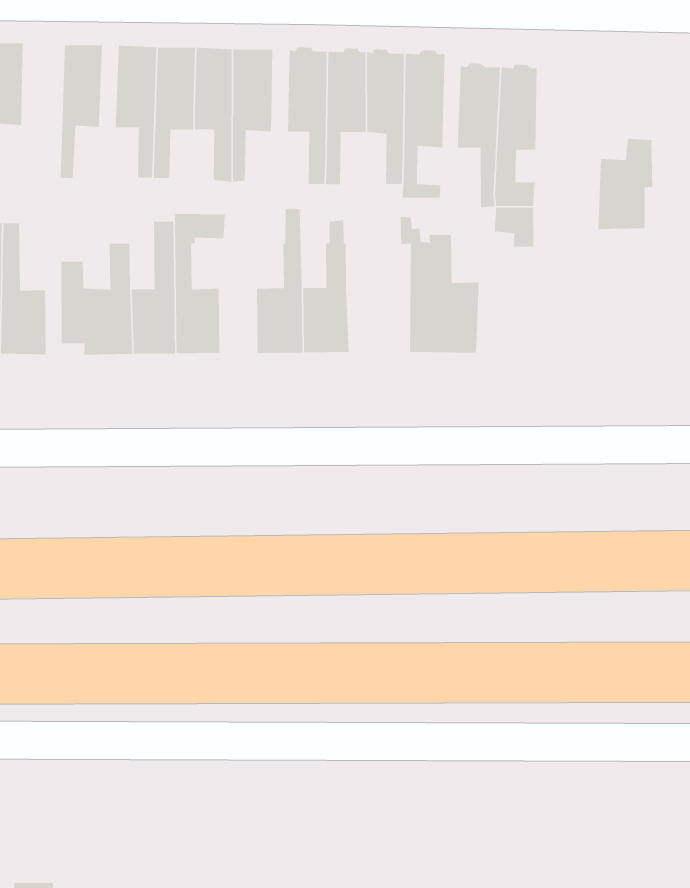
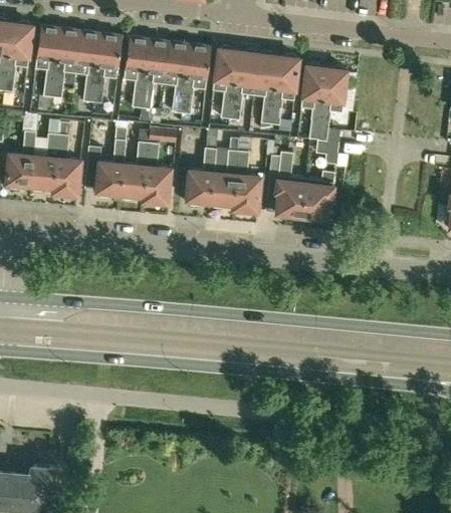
building: none -> [75,30,101,102]
building: [597,138,653,230] -> [300,169,333,217]
building: none -> [234,151,260,210]

